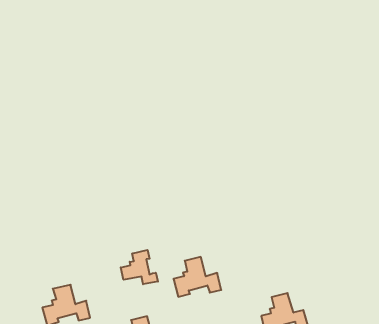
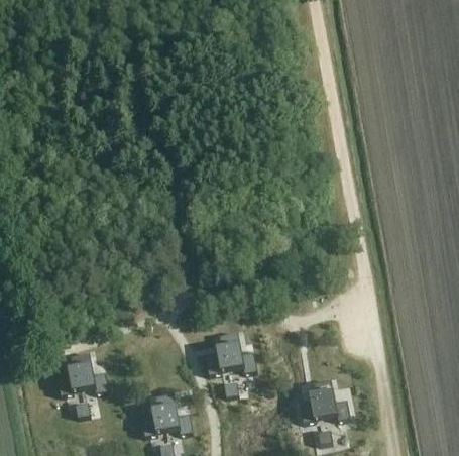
building: [121,250,158,284] -> none

